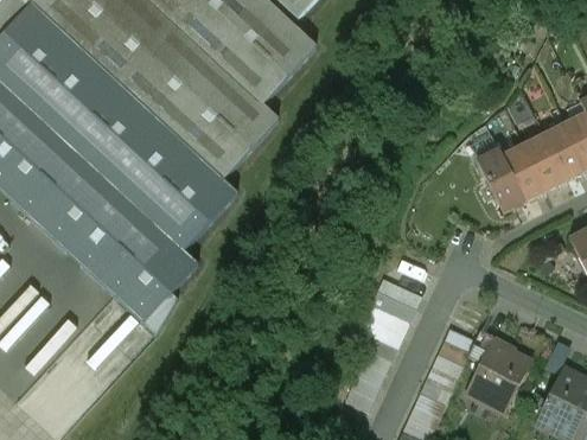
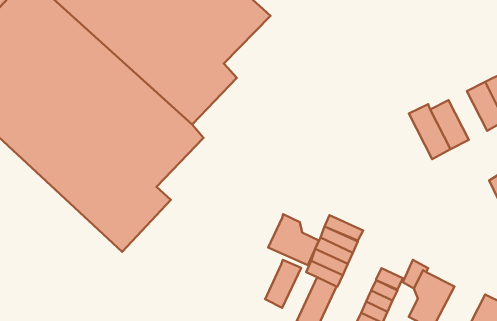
building: [524,133,569,190] -> none
building: none -> [268,214,319,265]
building: none -> [265,260,301,308]

